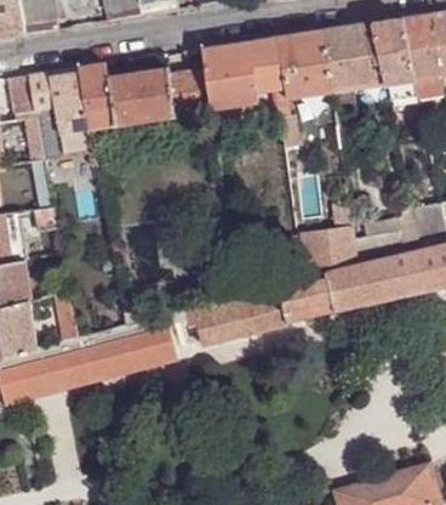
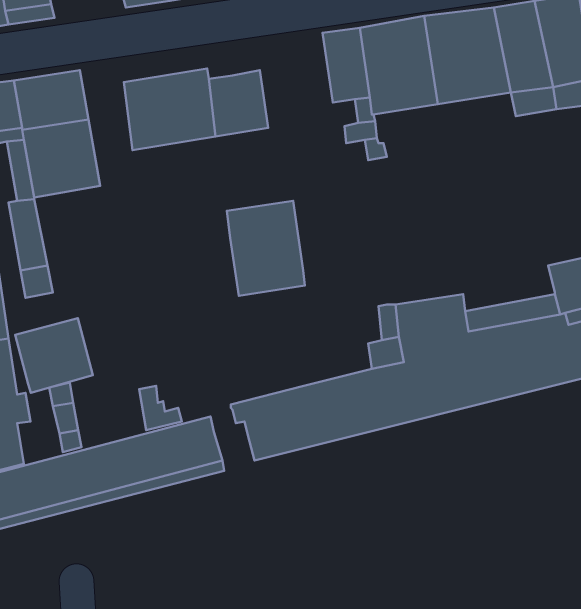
building: [202,41,258,109] -> [227,201,305,296]
building: [76,63,114,151] -> none
building: none -> [15,318,93,393]

